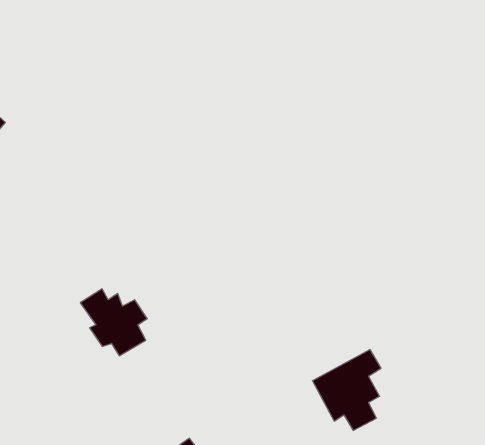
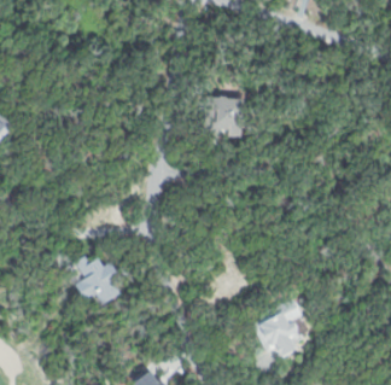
building: none -> [211,89,245,133]

